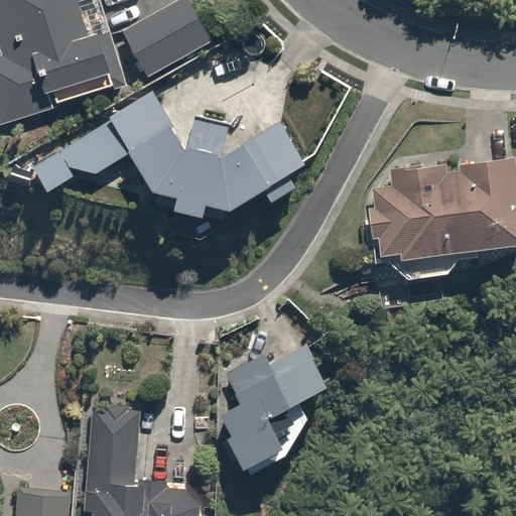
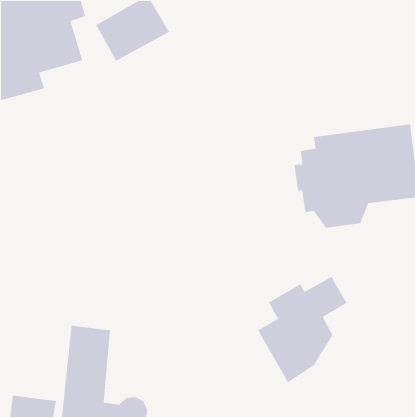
building: [33,94,304,219] -> none
building: [211,345,321,477] -> [257,276,348,384]

